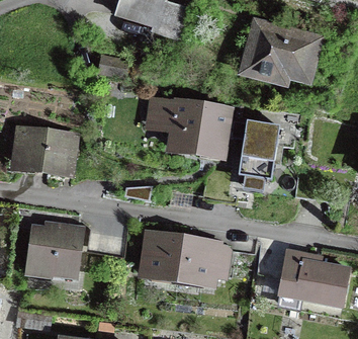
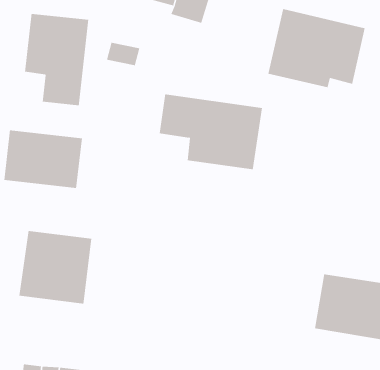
building: none -> [25,13,89,106]
building: [238,119,278,180] -> none
building: [135,226,229,285] -> none

